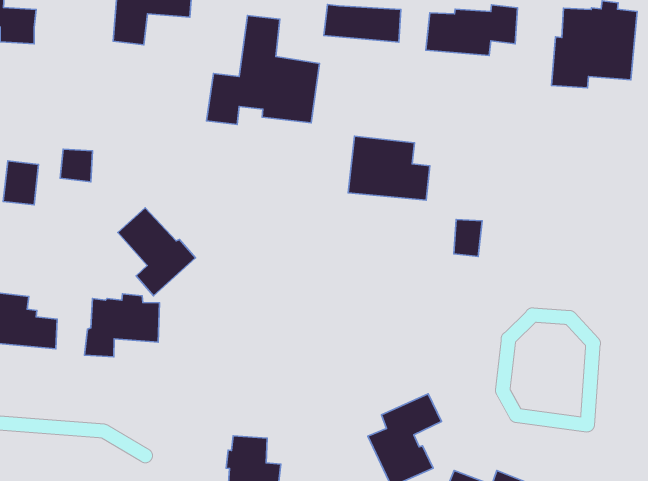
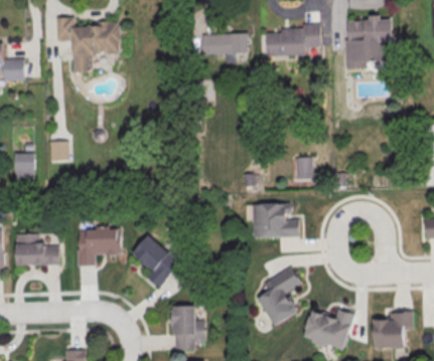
building: [207,15,320,124] -> none
building: [348,136,430,200] -> [254,203,302,238]
building: [118,208,196,296] -> [132,234,181,288]

